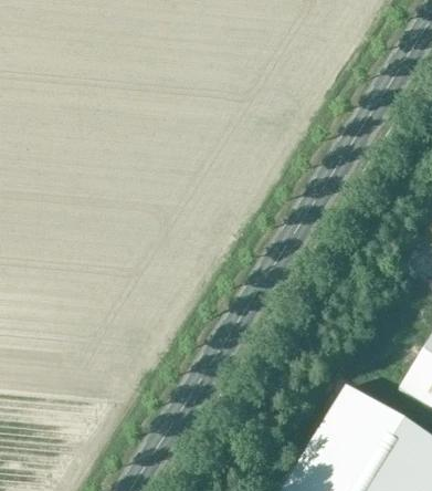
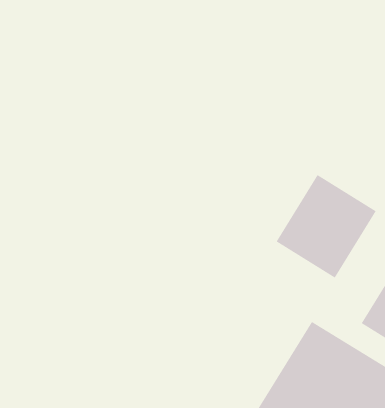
building: none -> [276,174,377,278]

